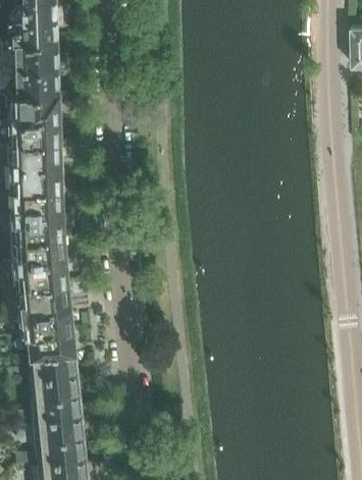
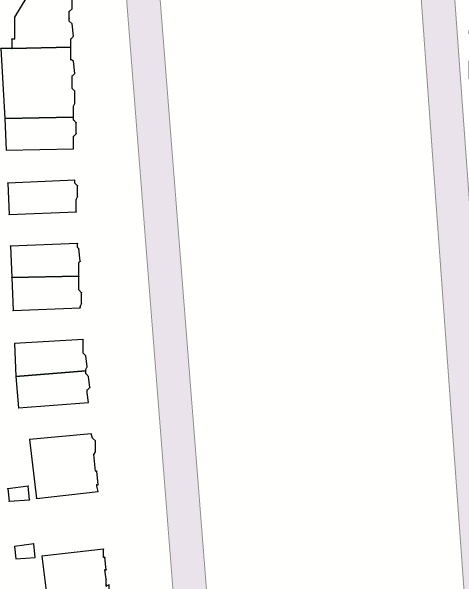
building: [8,114,61,140] -> none
building: [10,161,62,186] -> none
building: [13,232,66,259] -> none
building: [17,303,73,330] -> none
building: [31,369,81,417] -> none

